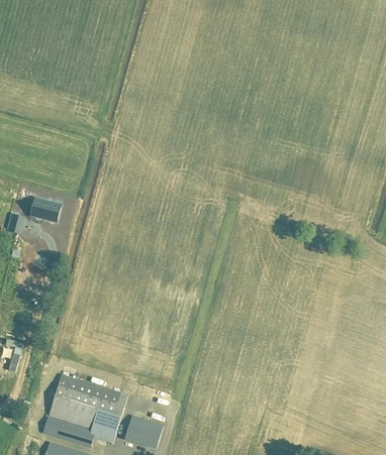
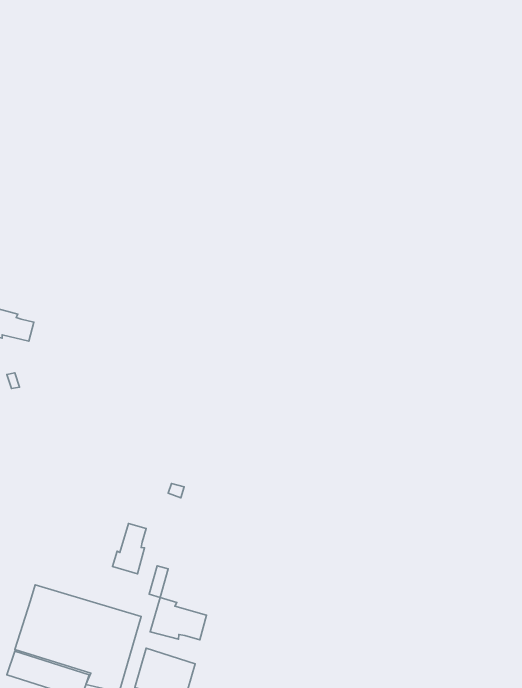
building: none -> [113,523,146,574]
building: none -> [150,597,207,640]

